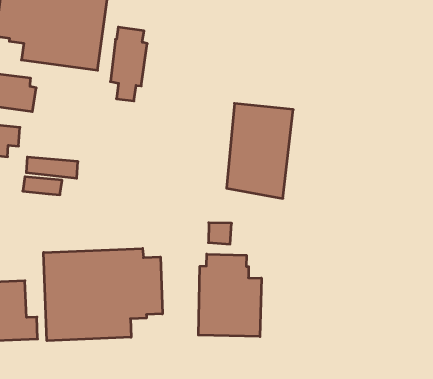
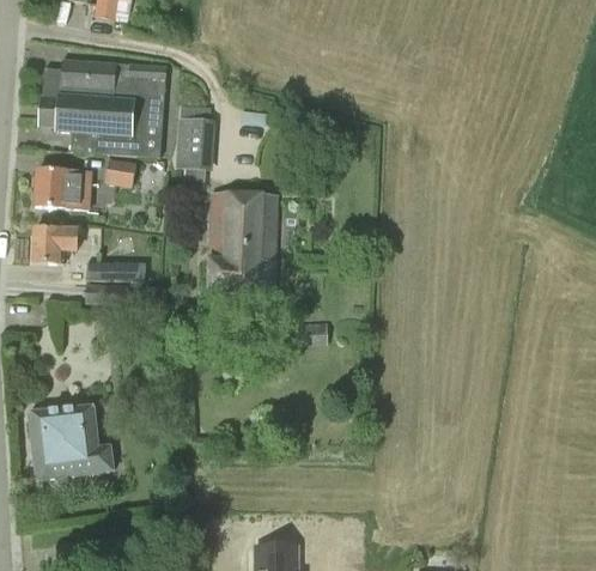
building: none -> [105,158,136,188]
building: [227,103,293,198] -> [208,190,279,296]
building: [44,248,162,341] -> none
building: [198,254,261,337] -> none

